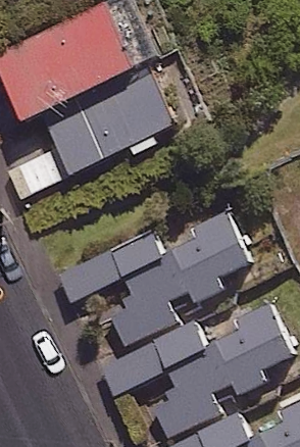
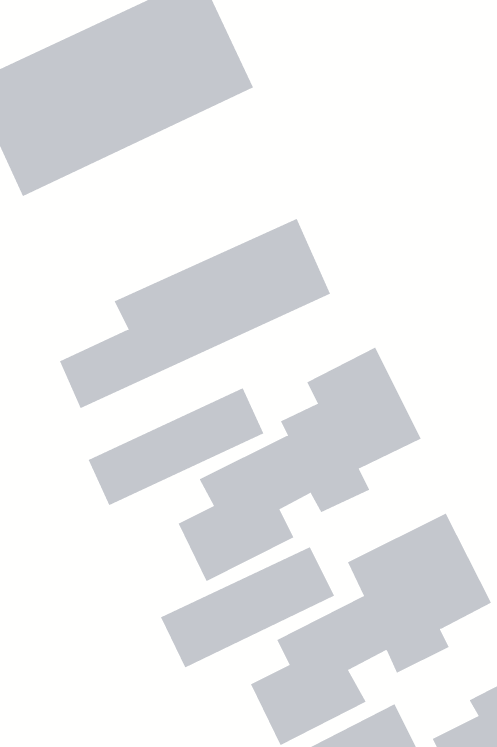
building: [15,82,172,192] -> [59,218,331,409]

